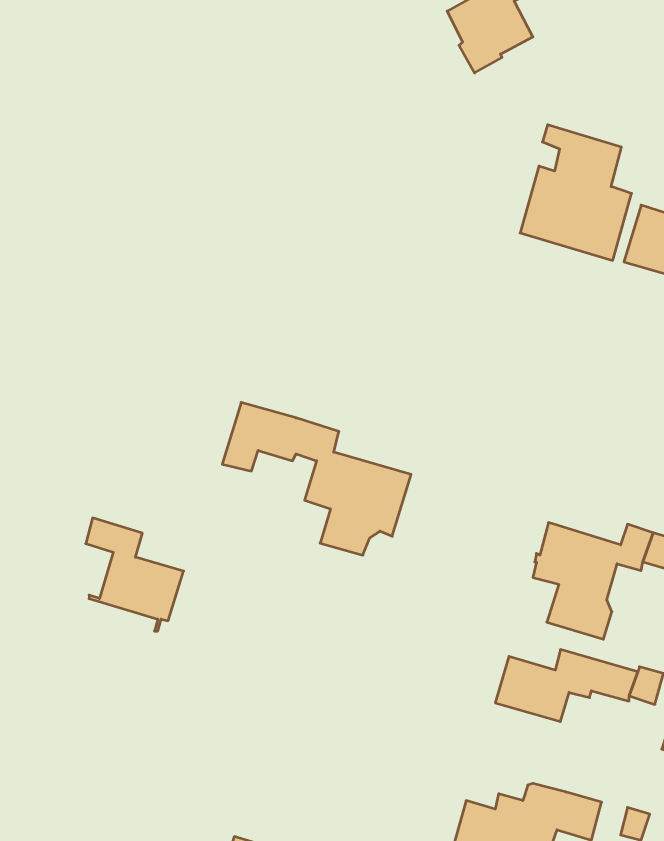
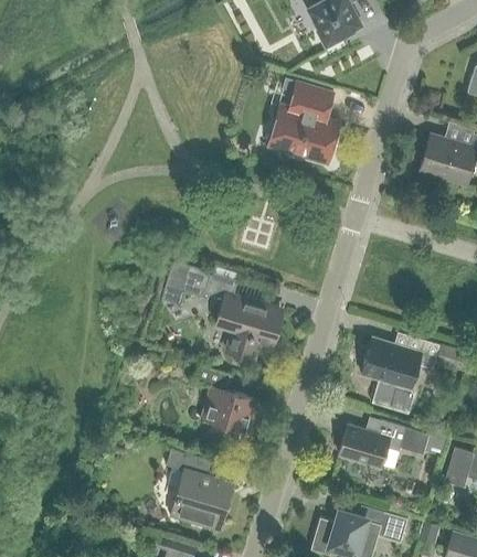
building: [520,125,632,260] -> [267,77,339,164]
building: [86,518,184,631] -> [193,365,256,438]
building: none -> [166,449,232,529]

